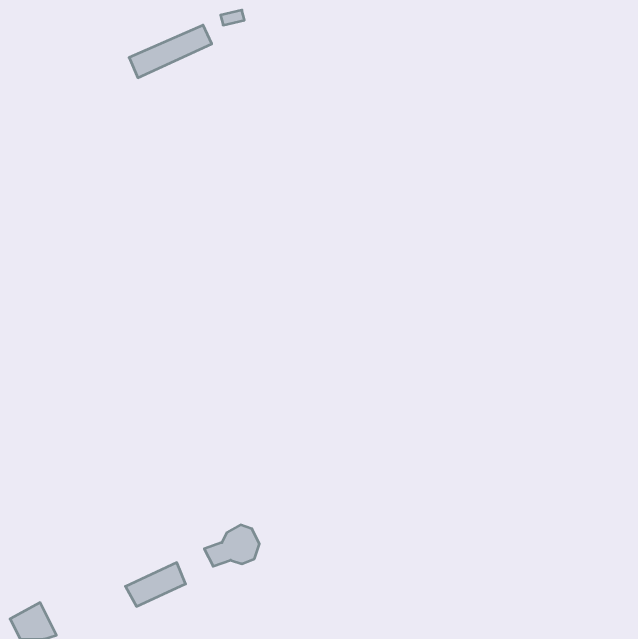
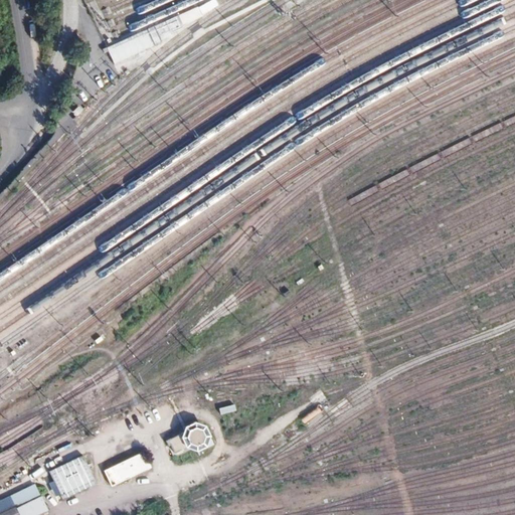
building: none -> [46,456,95,499]

